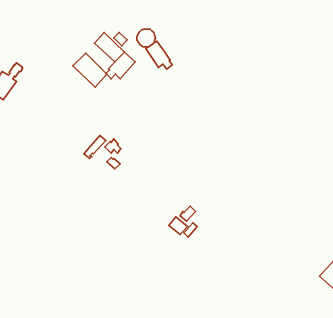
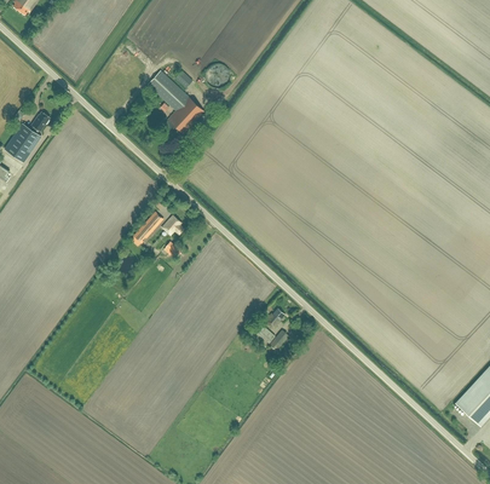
building: [146,41,172,69] -> none
building: [73,53,107,87] -> none

